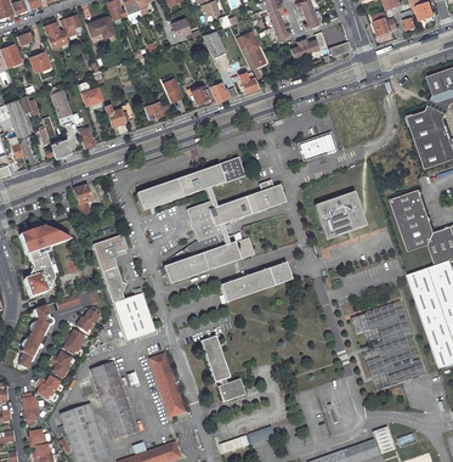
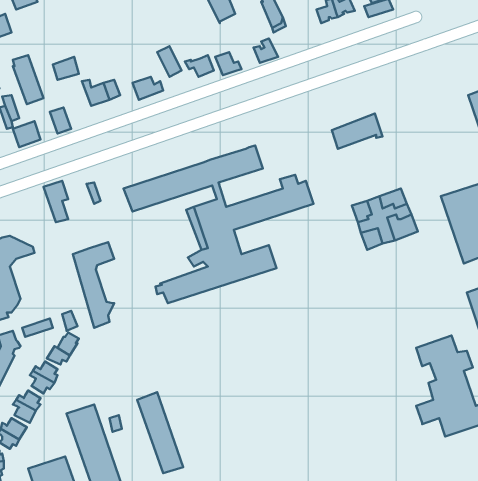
building: [216,263,288,303] -> none
building: [113,291,157,340] -> none
building: [198,336,243,401] -> none

